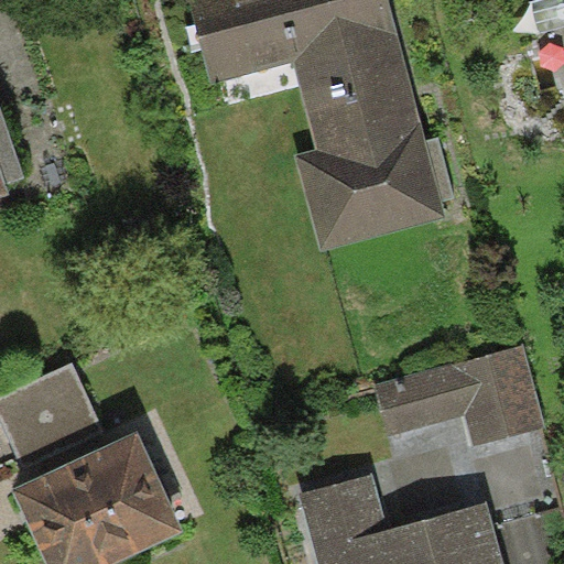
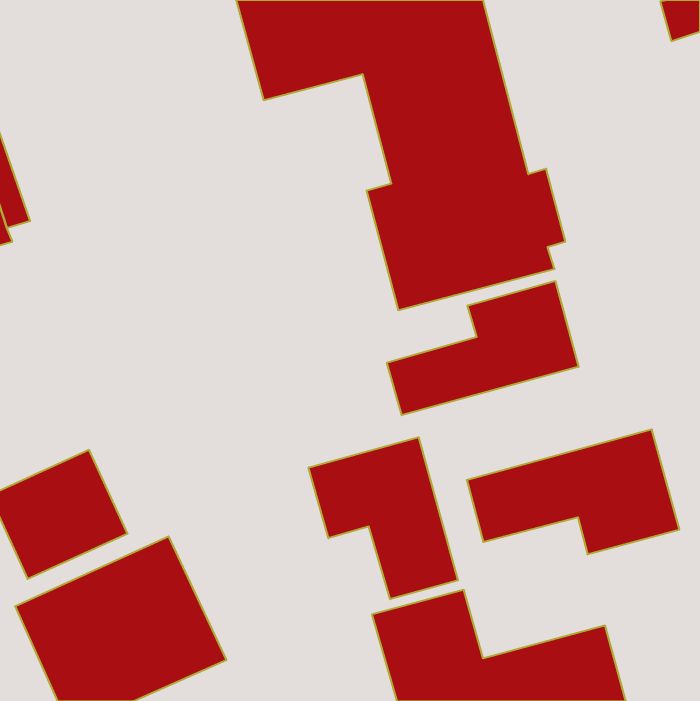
building: none -> [387,281,579,415]
building: none -> [309,437,458,599]

